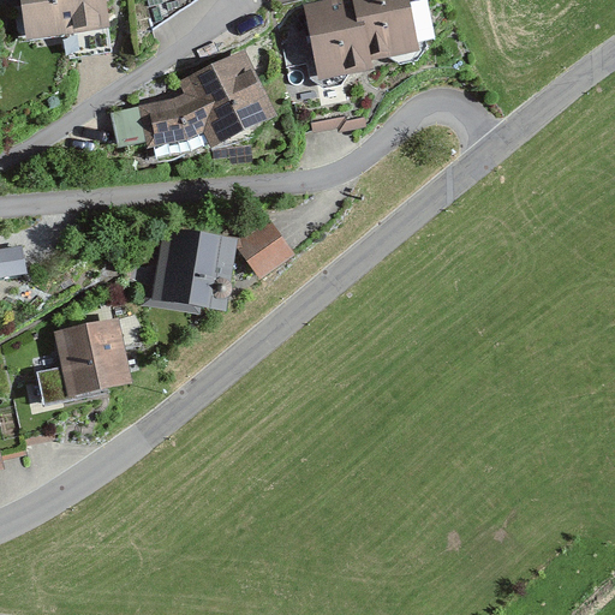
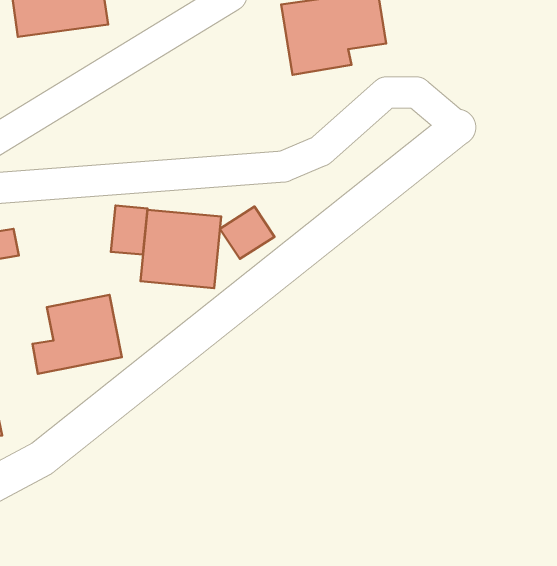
building: [136,49,280,154] -> none
building: none -> [111,206,147,255]

